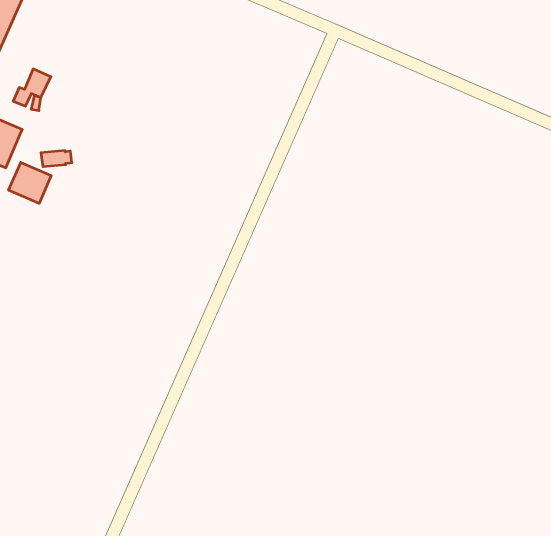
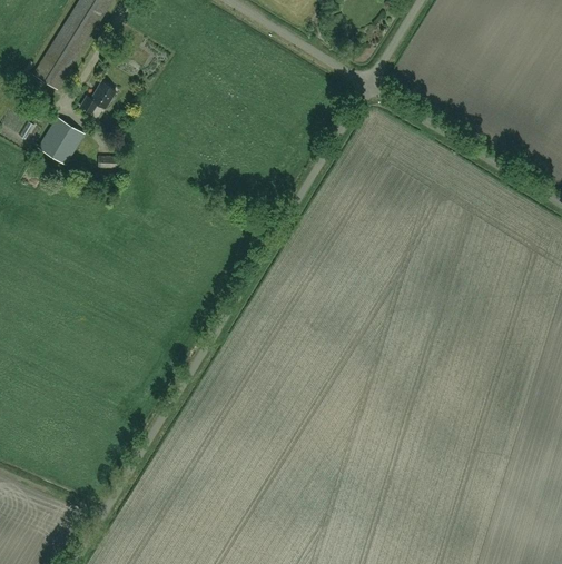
building: [9,162,51,203] -> none

